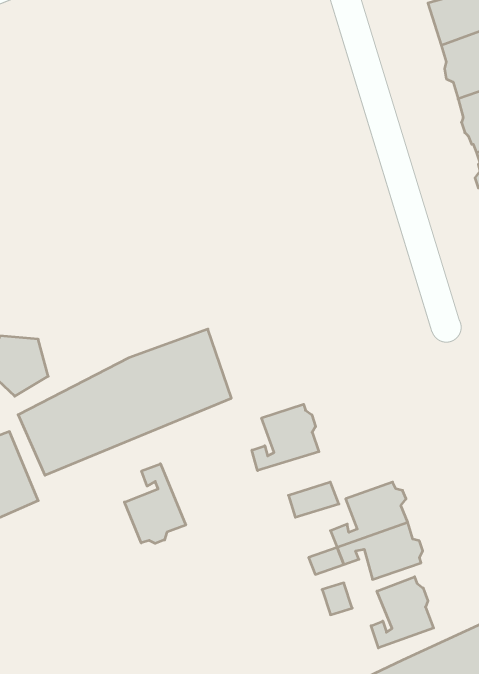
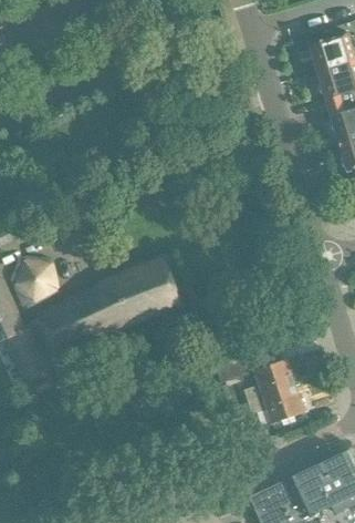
building: [252,404,319,471] -> none
building: [124,464,186,543] -> none
building: [371,577,434,648] -> none

